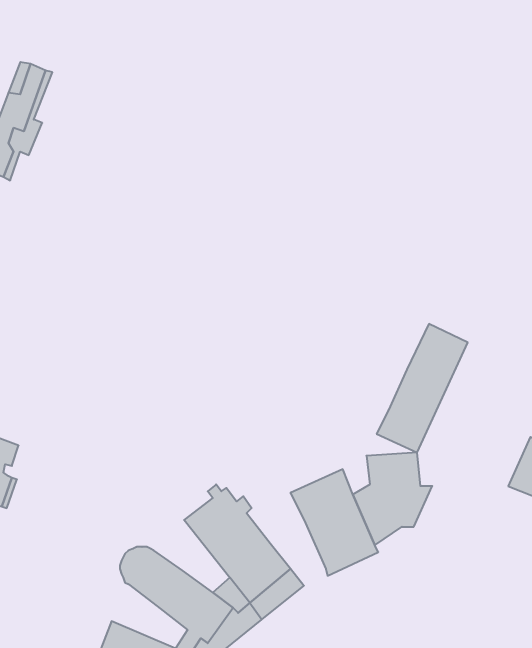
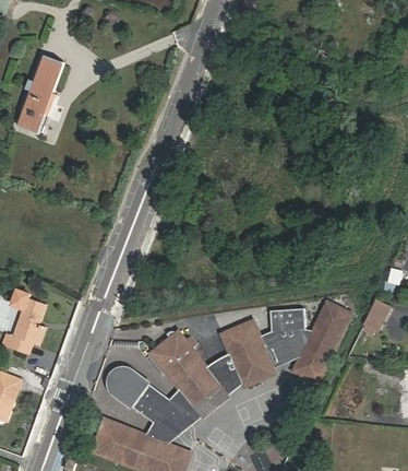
building: [377,324,468,452] -> [291,301,350,384]
building: none -> [206,354,242,395]

